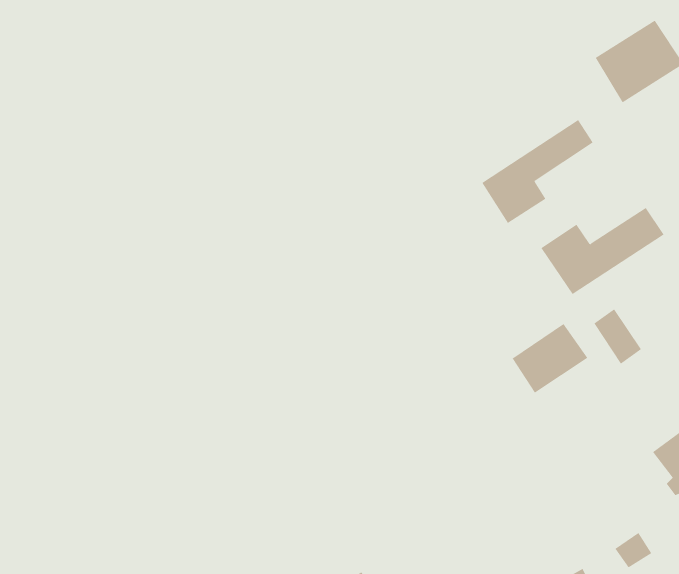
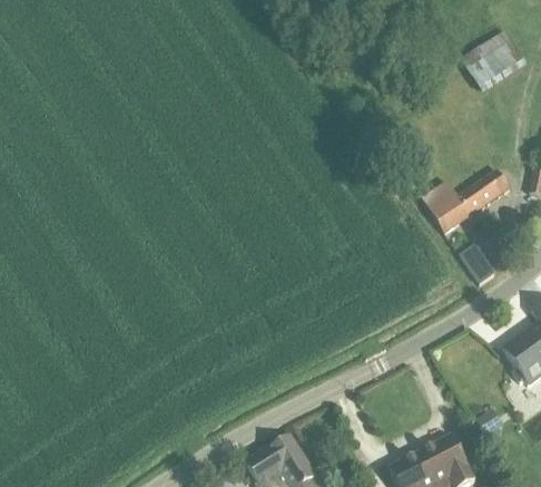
building: [482,119,593,224] -> none
building: [512,323,588,394] -> none

